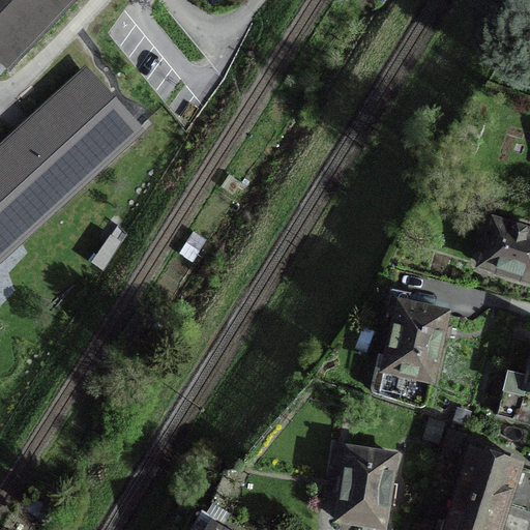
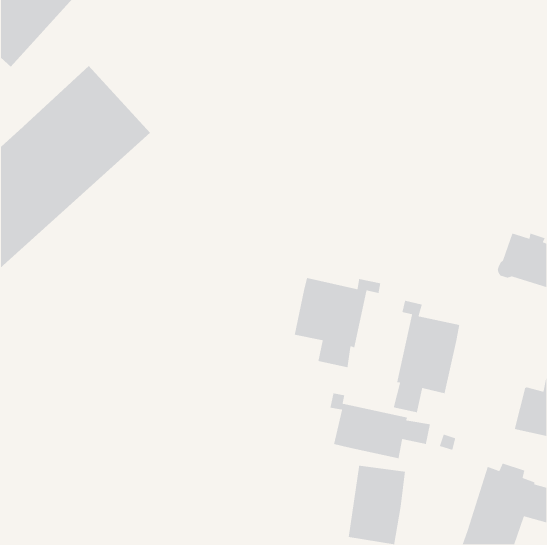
building: none -> [294,277,381,368]
building: none -> [330,393,431,459]

